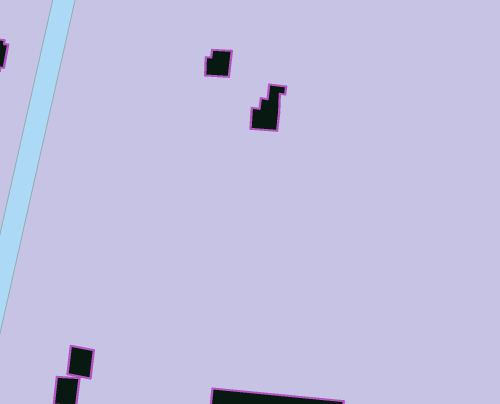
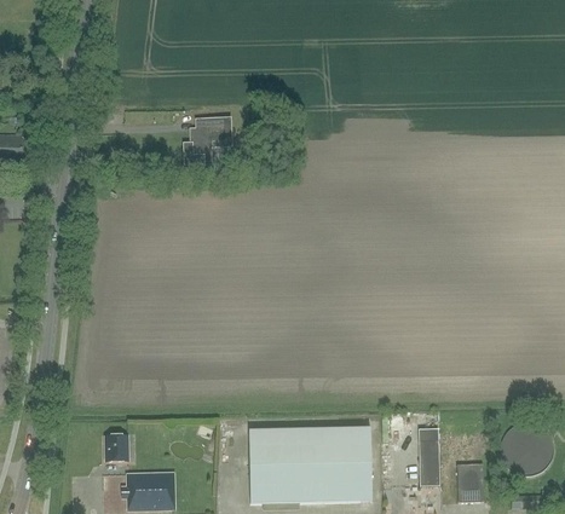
building: [251,85,286,131] -> [184,121,213,163]
building: [68,346,94,378] -> none

